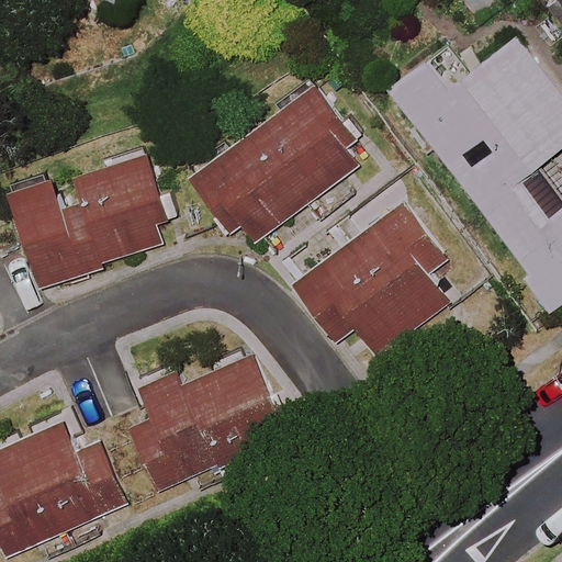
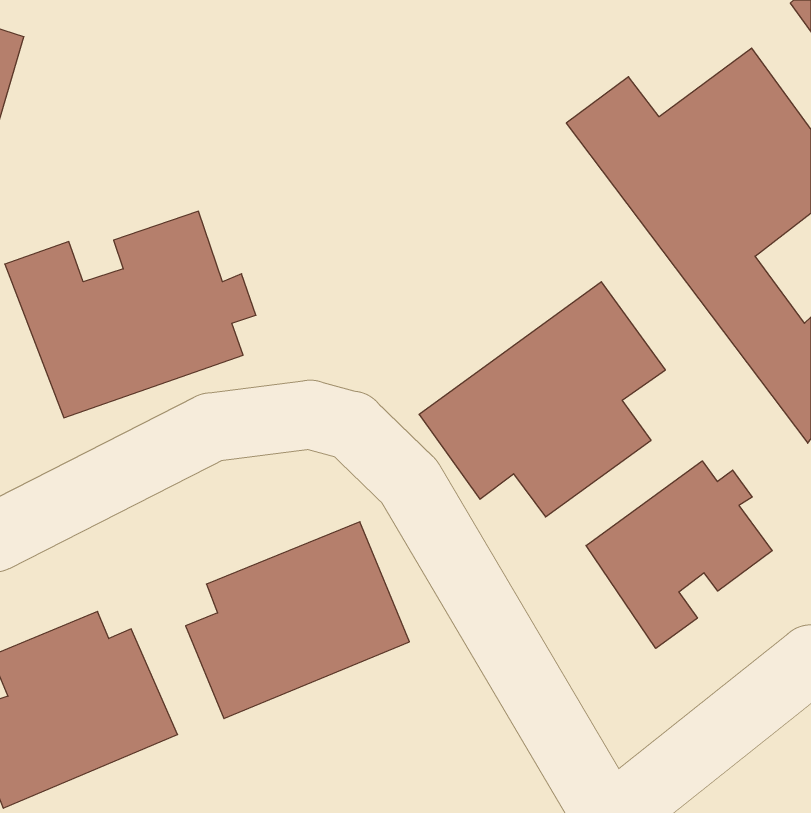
building: [183,87,363,236] -> none
building: none -> [586,461,772,648]

